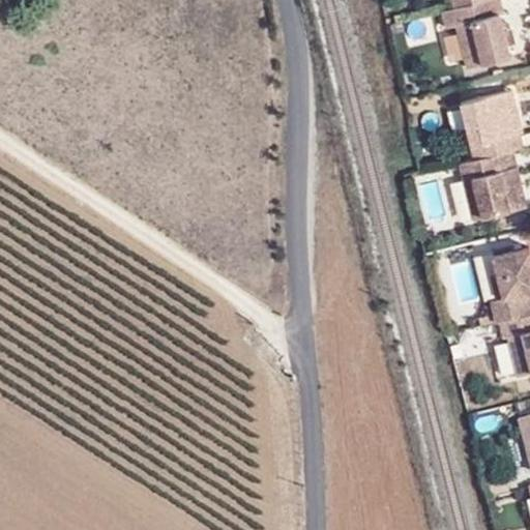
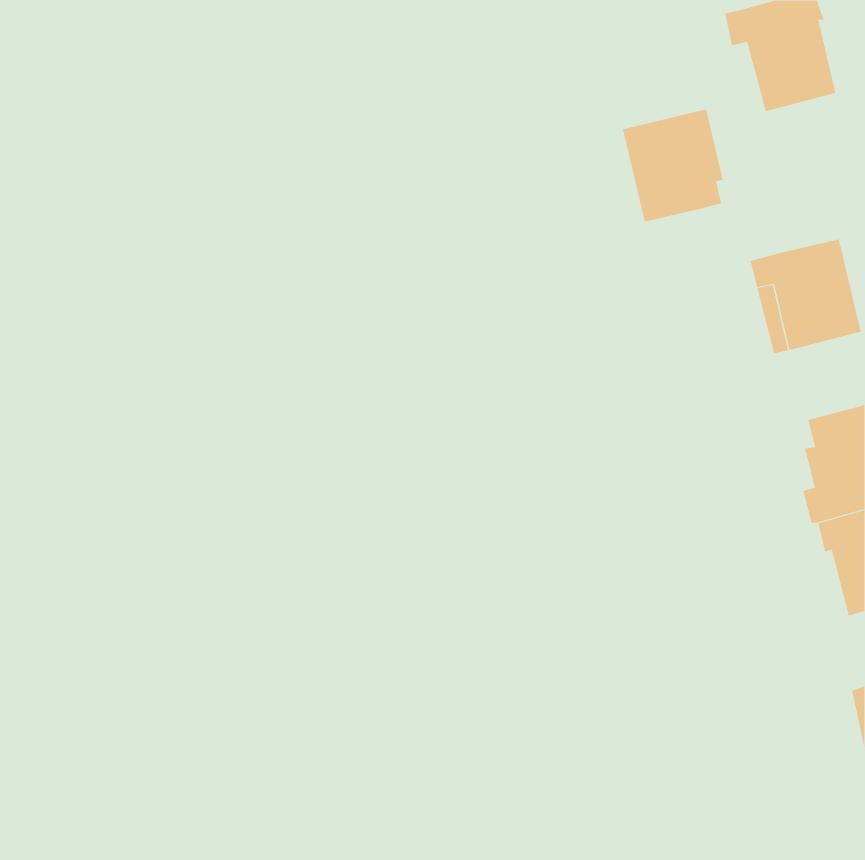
building: [461,89,523,158] -> [622,109,724,222]

